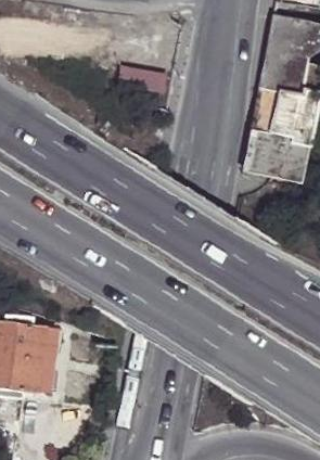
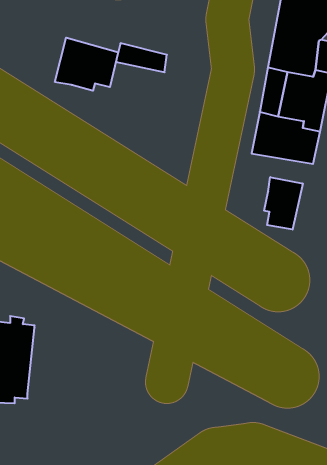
building: none -> [55,38,118,91]
building: none -> [264,177,303,230]
building: [36,329,65,394] -> none

